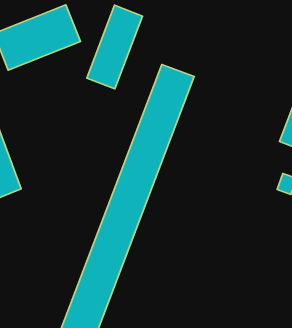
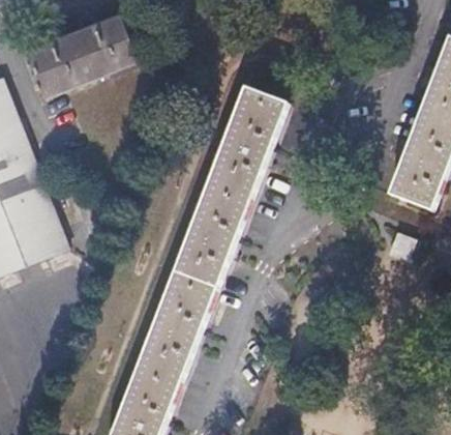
building: [87,5,142,89] -> none

